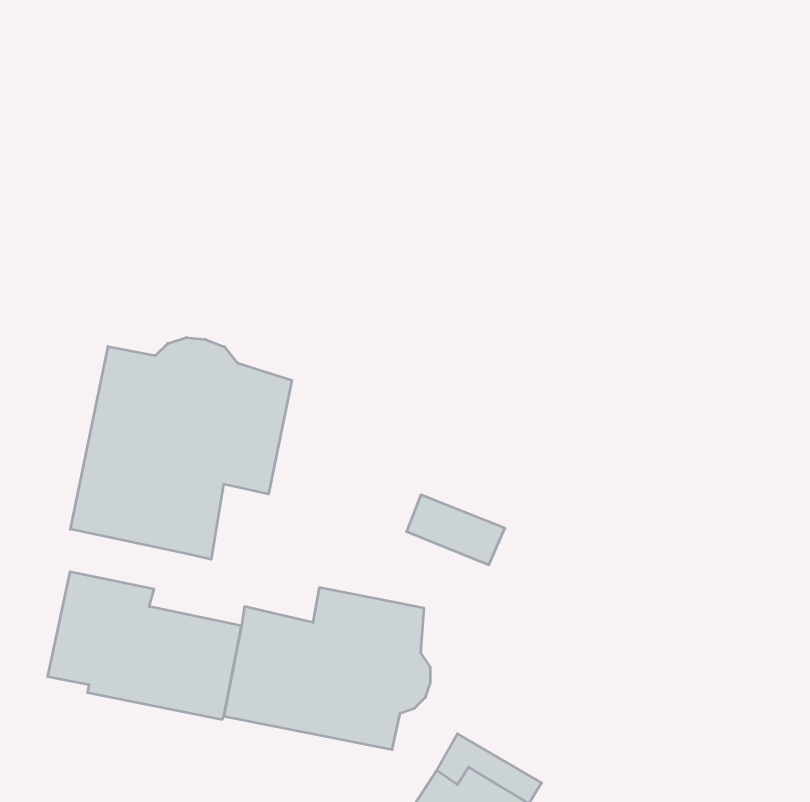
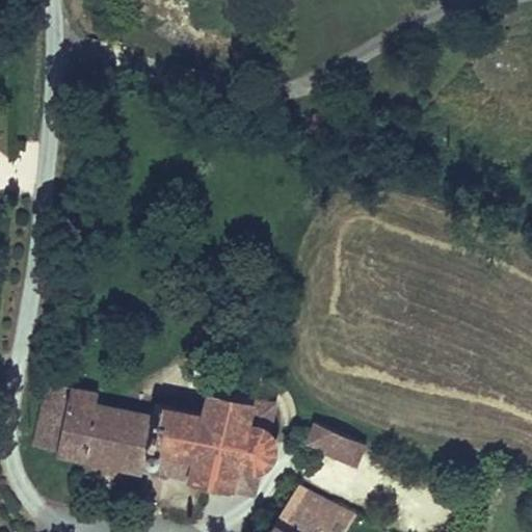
building: [70,337,292,559] -> none
building: [406,495,505,565] -> [304,424,369,470]

